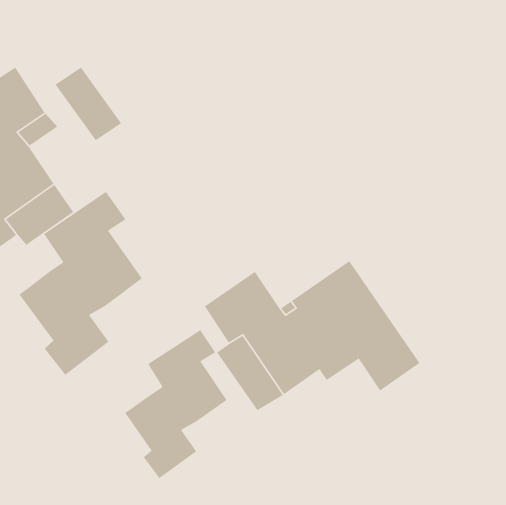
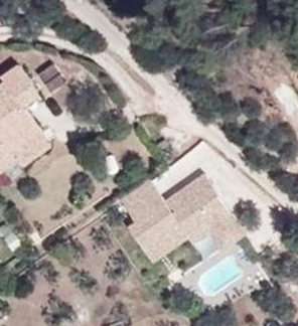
building: [18,191,143,376] -> none
building: [124,329,227,479] -> none

